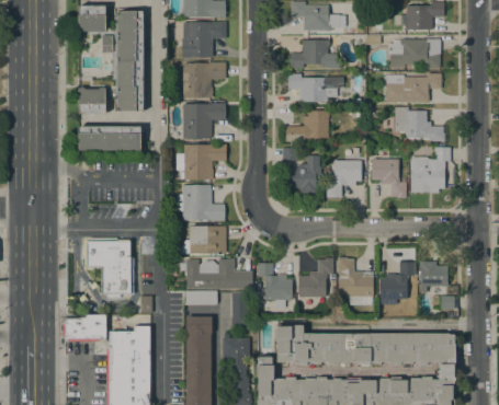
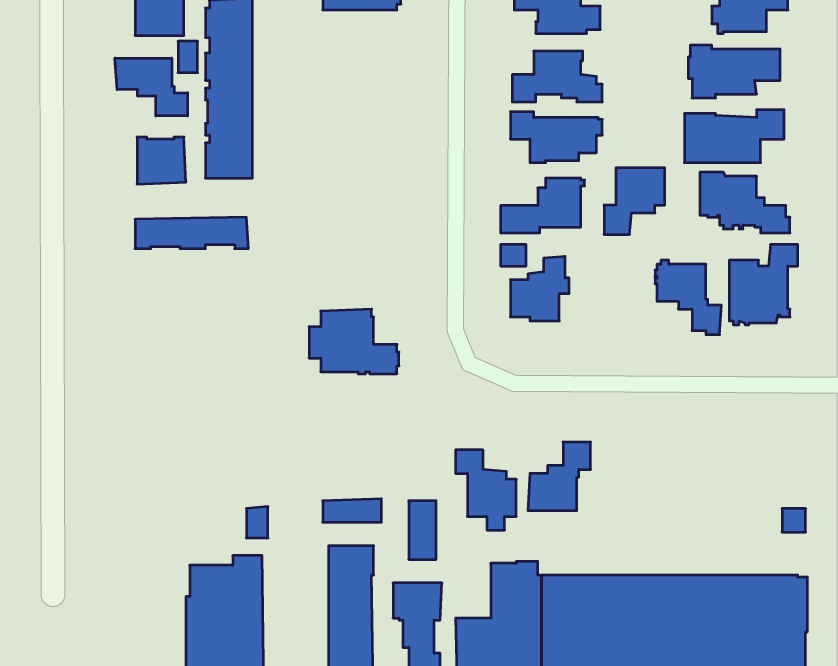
building: [182,21,226,58] -> none
building: none -> [115,58,188,116]
building: [183,61,226,97] -> none
building: [182,103,225,138] -> none
building: [177,143,226,181] -> none
building: [327,160,361,197] -> [604,168,665,234]
building: [180,225,226,253] -> none
building: [87,240,131,293] -> none
building: [339,256,373,304] -> none
building: [186,258,252,288] -> none
building: [420,261,447,292] -> none
building: [379,262,415,303] -> none
building: [64,315,107,342] -> none

